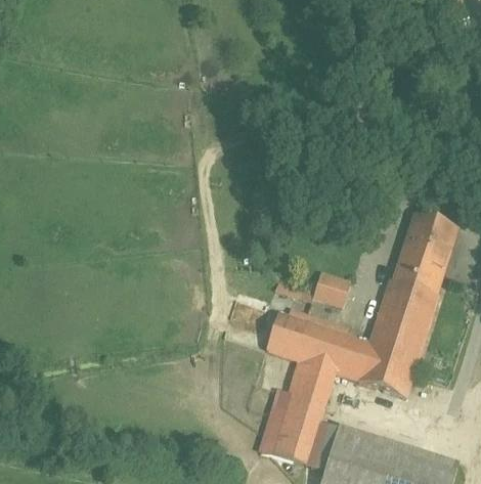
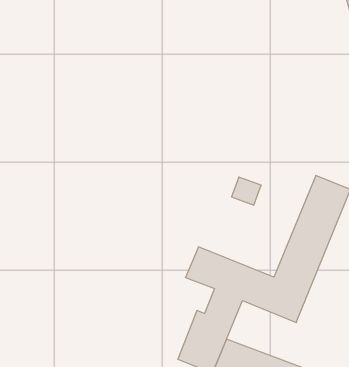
building: [314,271,349,304] -> [232,177,261,205]

